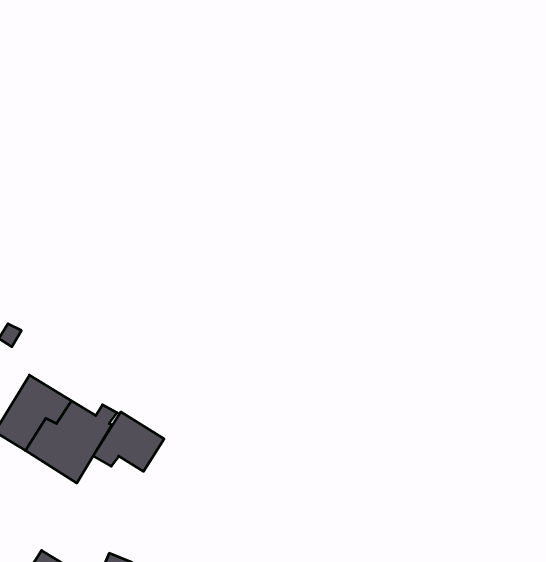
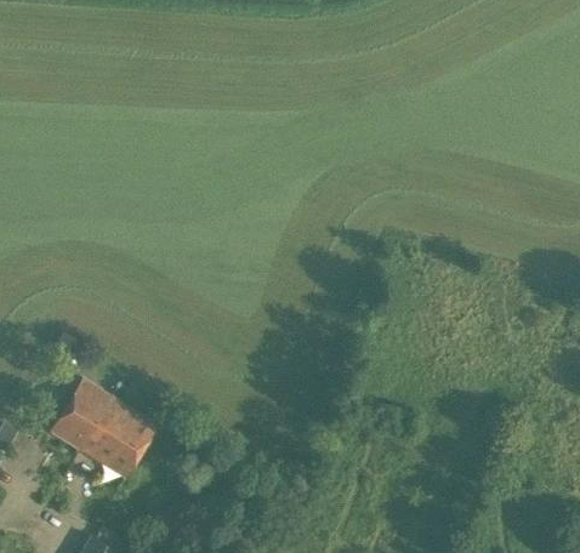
building: [93,412,164,471] -> none

